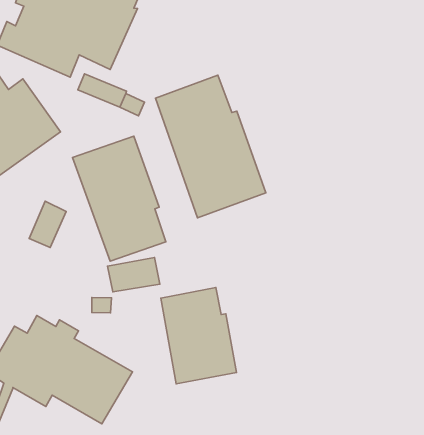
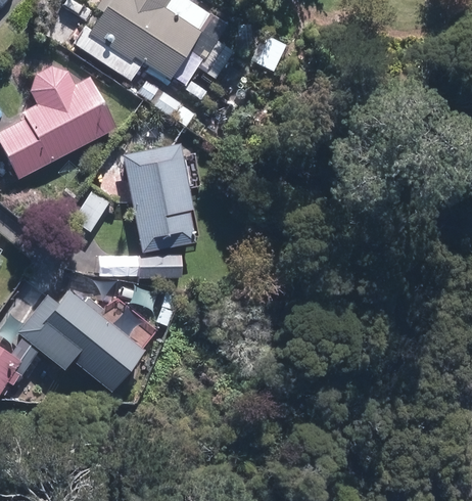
building: [156,75,266,218] -> none
building: [161,288,237,384] -> none

